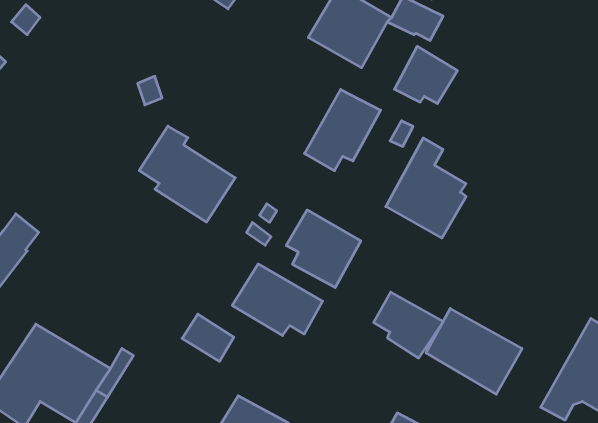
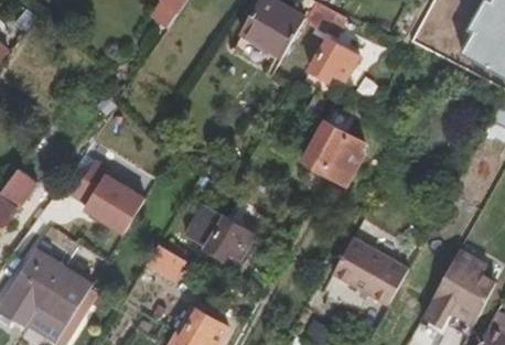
building: [304,89,381,171] -> none
building: [139,126,235,222] -> [71,160,144,234]
building: [286,210,361,288] -> none
building: [374,292,443,358] -> none

